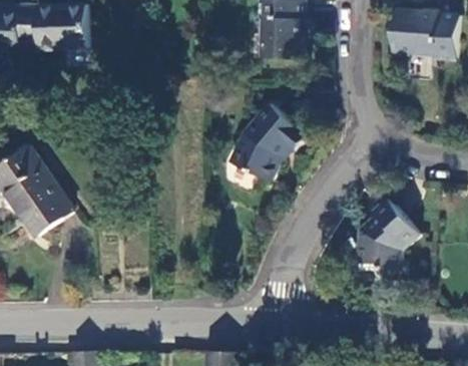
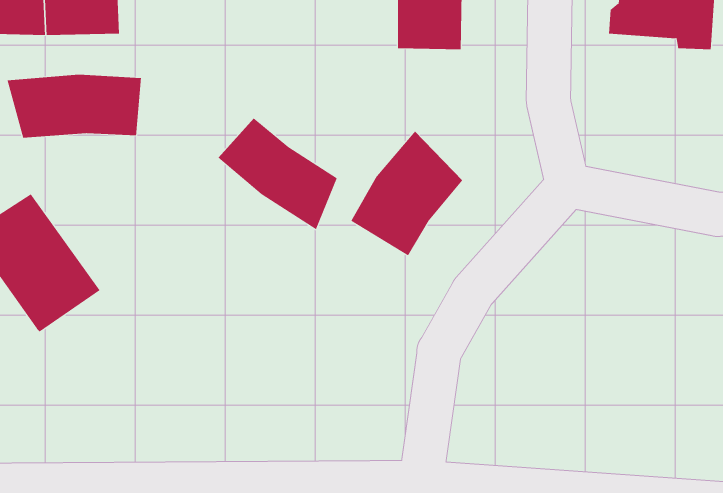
building: none -> [7,74,142,138]
building: none -> [217,117,337,230]
building: [357,197,417,268] -> none

